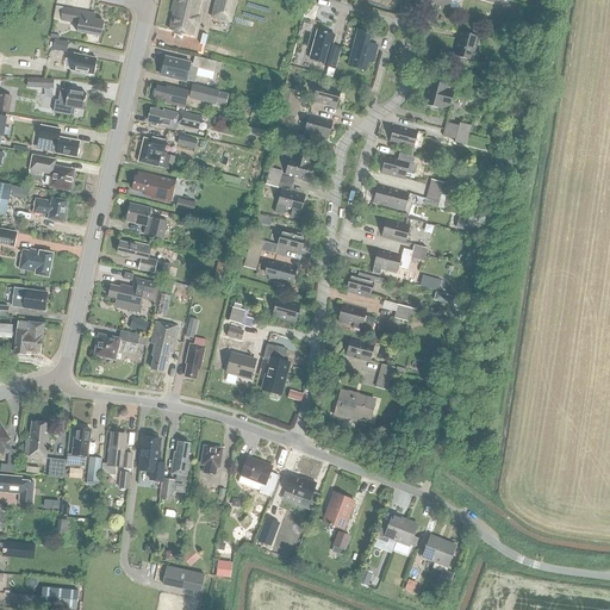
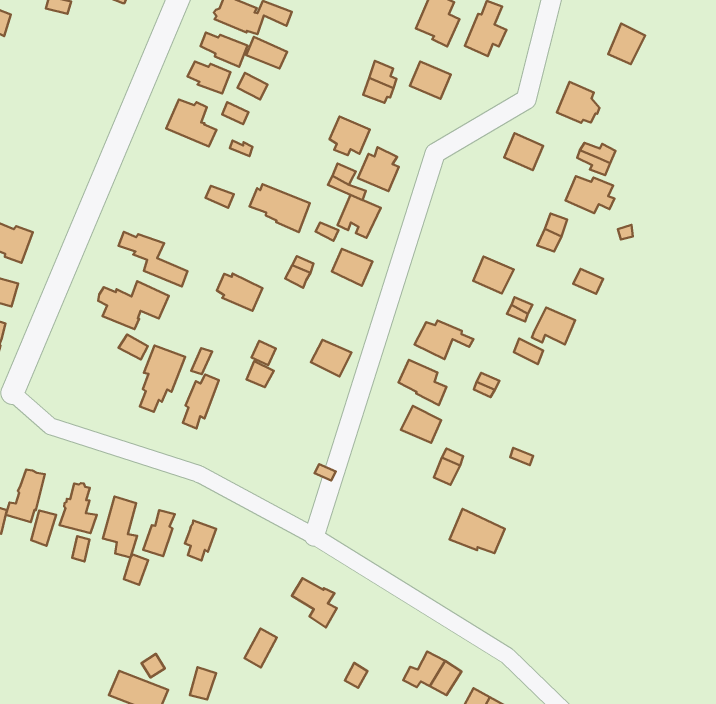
building: [52,87,85,113] -> none
building: [303,113,331,141] -> [329,117,370,155]
building: [37,124,77,155] -> none
building: [380,151,416,178] -> [565,176,614,213]
building: [27,152,73,188] -> none
building: [130,170,174,201] -> [249,184,310,232]
building: [372,182,409,210] -> none
building: [31,197,66,220] -> none
building: [124,203,164,236] -> none
building: [371,247,400,273] -> [532,307,575,344]
building: [262,259,295,284] -> [217,274,263,311]
building: [94,329,148,356] -> none
building: [224,343,257,381] -> none
building: [261,343,288,392] -> none
building: [334,390,373,418] -> [450,509,505,553]
building: [236,455,278,496] -> none
building: [322,491,354,528] -> none

